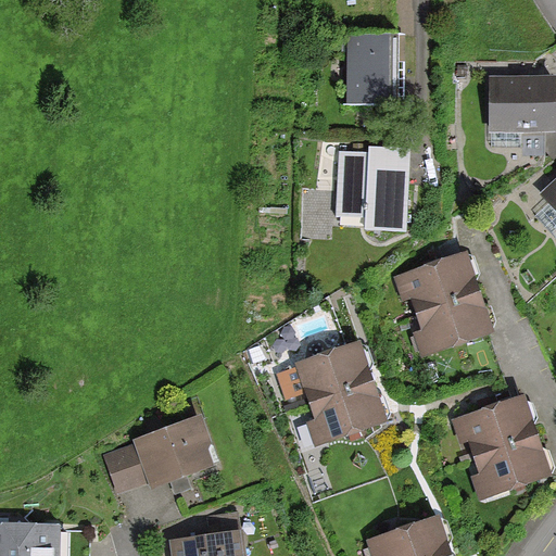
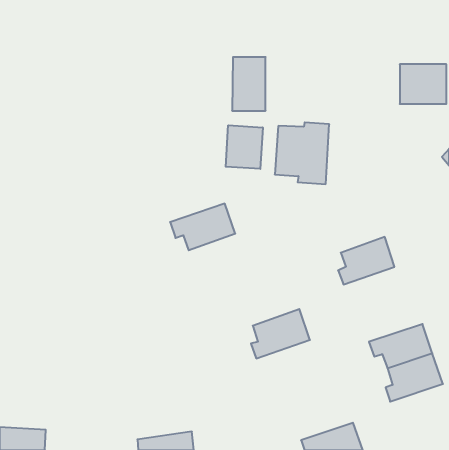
building: [350,35,391,101] -> [232,57,266,111]
building: none -> [226,125,263,169]
building: [399,257,475,312] -> none
building: [289,344,369,402] -> [170,204,235,250]
building: [106,424,211,489] -> none

